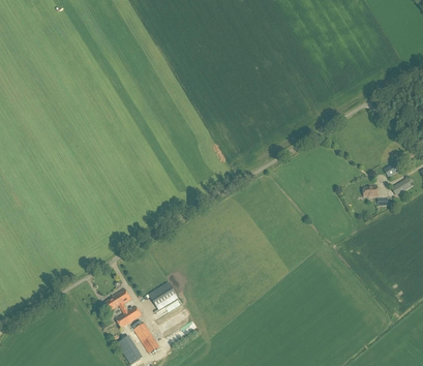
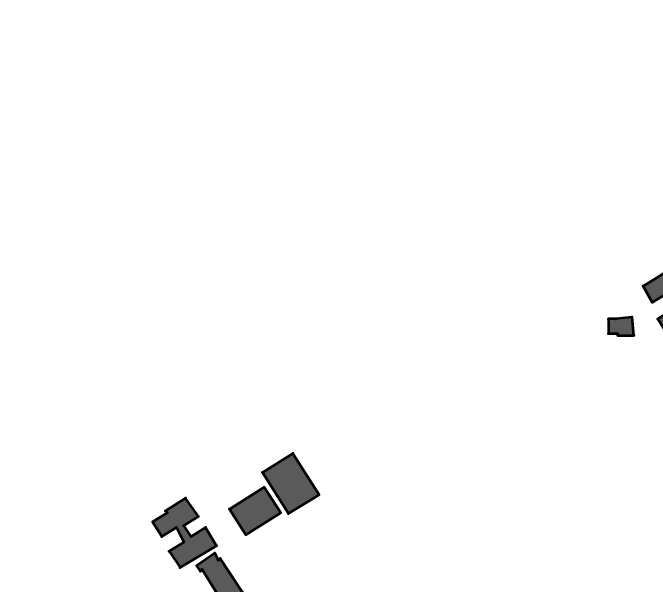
building: none -> [262,453,319,514]

